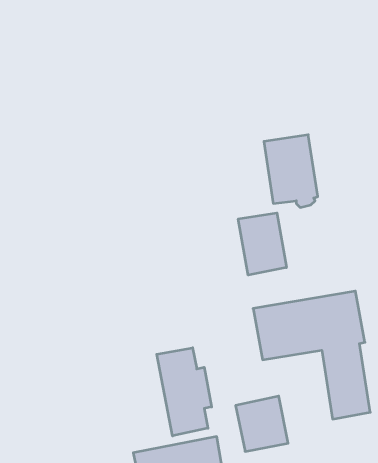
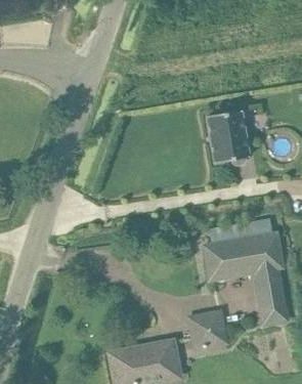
building: [238,213,286,275] -> none
building: [157,348,212,436] -> none

